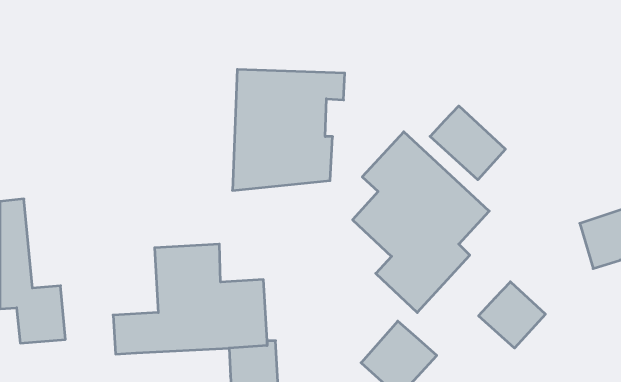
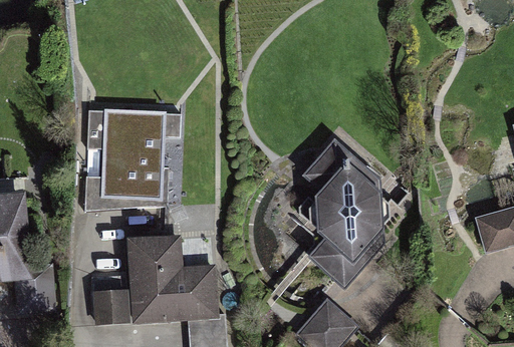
building: [232,69,345,190] -> [87,110,180,210]
building: [430,106,505,180] -> none
building: [479,282,545,348] -> none

